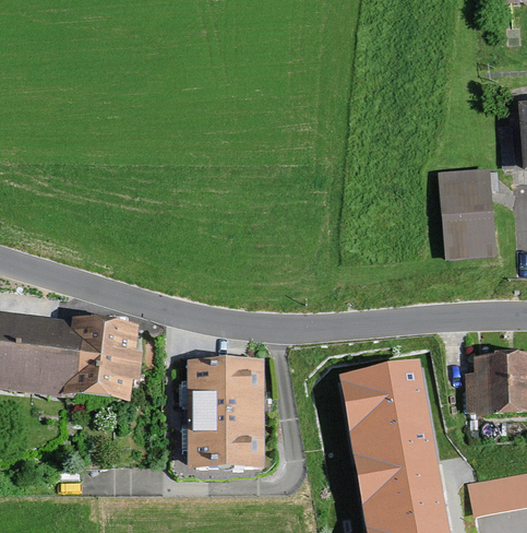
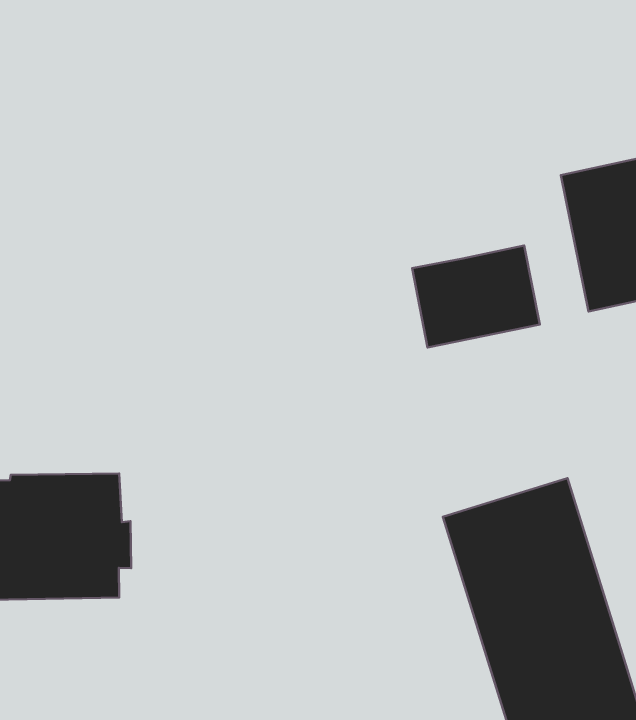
building: none -> [412,245,540,347]
building: [188,358,265,469] -> none

